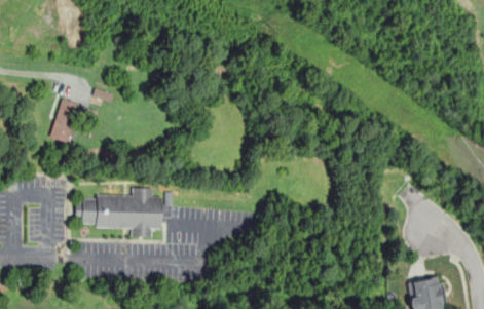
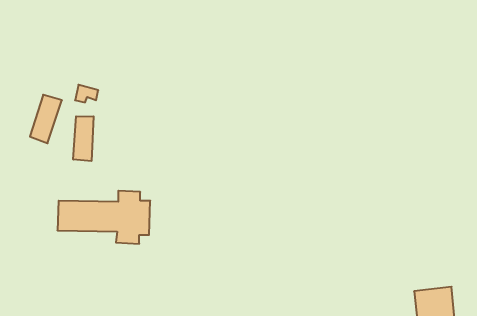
building: none -> [73,116,94,161]

